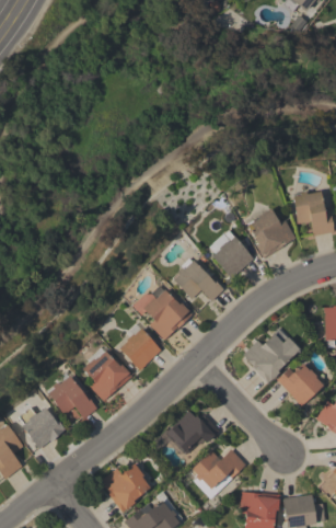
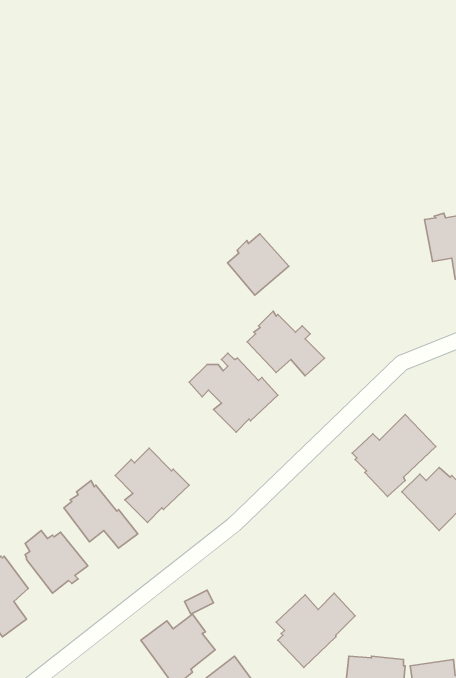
building: [247,208,296,259] -> none
building: [212,237,254,278] -> [228,234,289,295]
building: [119,329,161,370] -> none
building: [165,411,219,454] -> none

